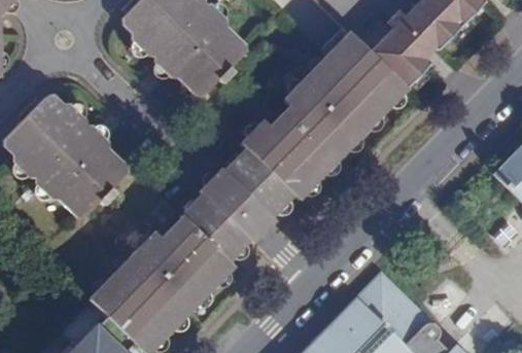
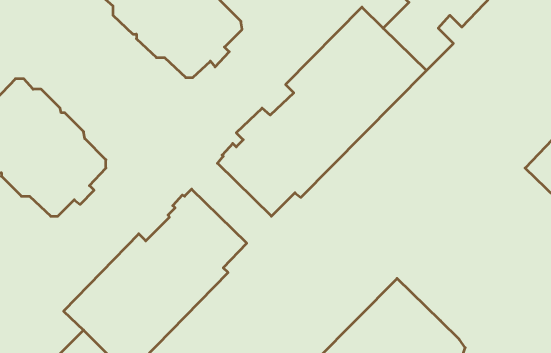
building: [200,168,275,242] -> none

